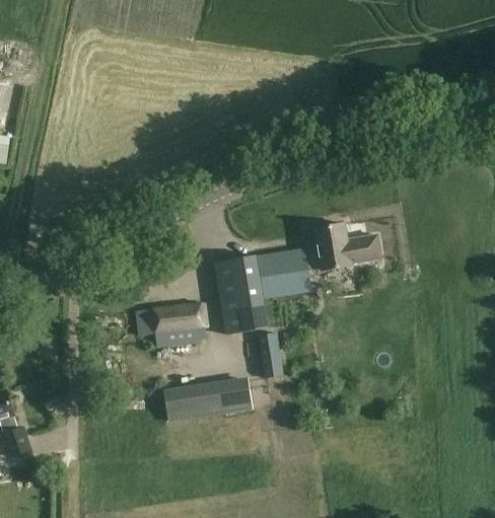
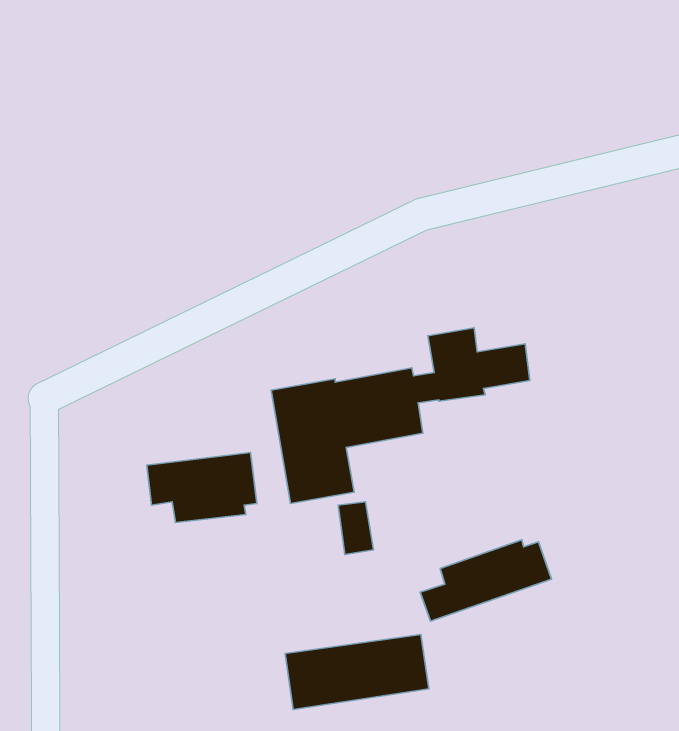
building: none -> [420,540,551,621]
building: [163,379,255,427] -> [285,634,429,709]

